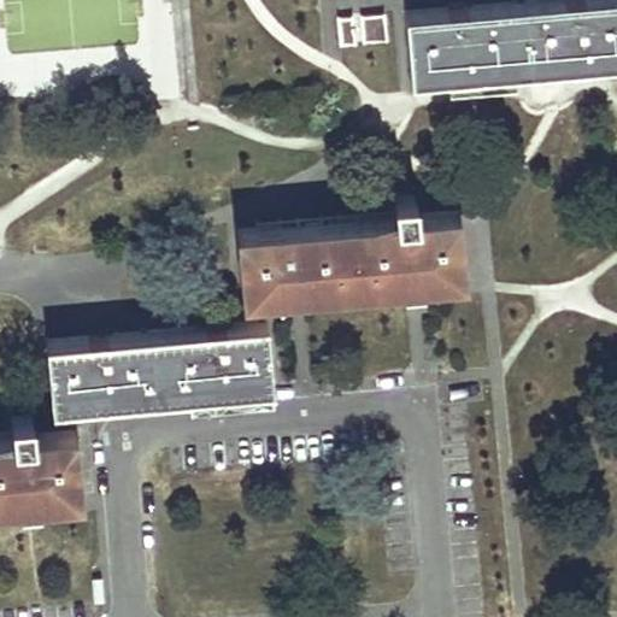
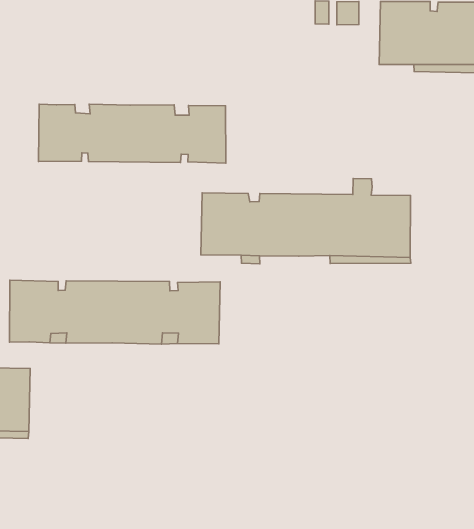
building: none -> [38,104,226,163]

